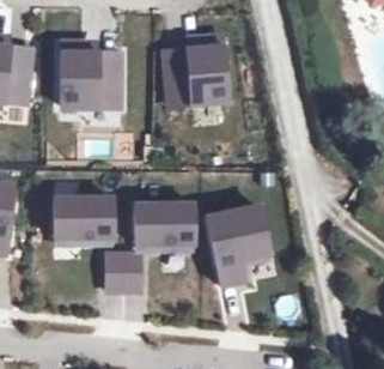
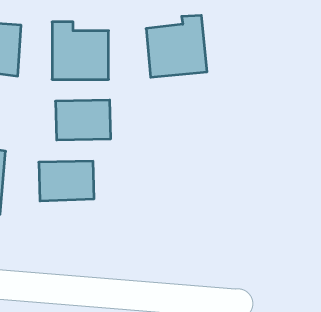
building: [127,201,187,244] -> [55,100,111,140]
building: [209,201,272,280] -> none
building: [106,261,144,300] -> none

